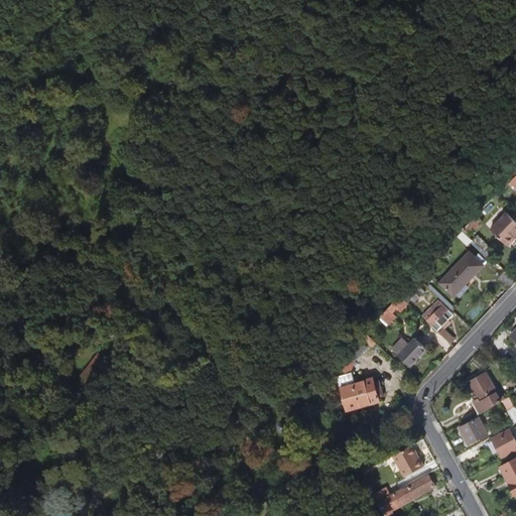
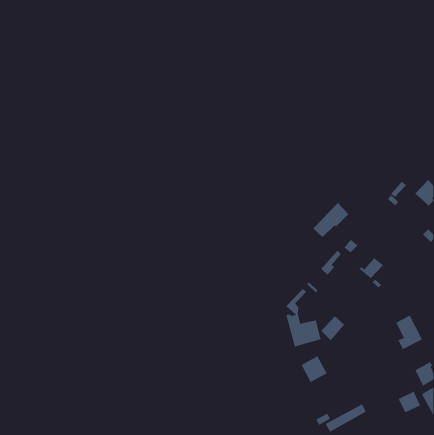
building: [439,252,483,294] -> [312,202,349,238]
building: [399,337,428,367] -> [320,315,345,341]
building: [458,415,485,441] -> [398,391,421,413]
building: [392,444,423,477] -> [301,356,327,383]

